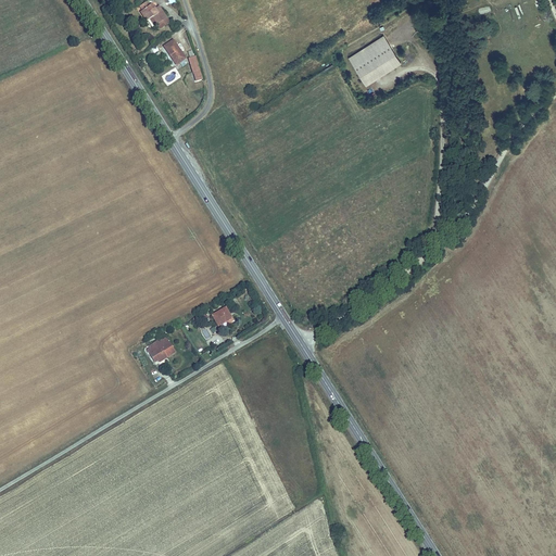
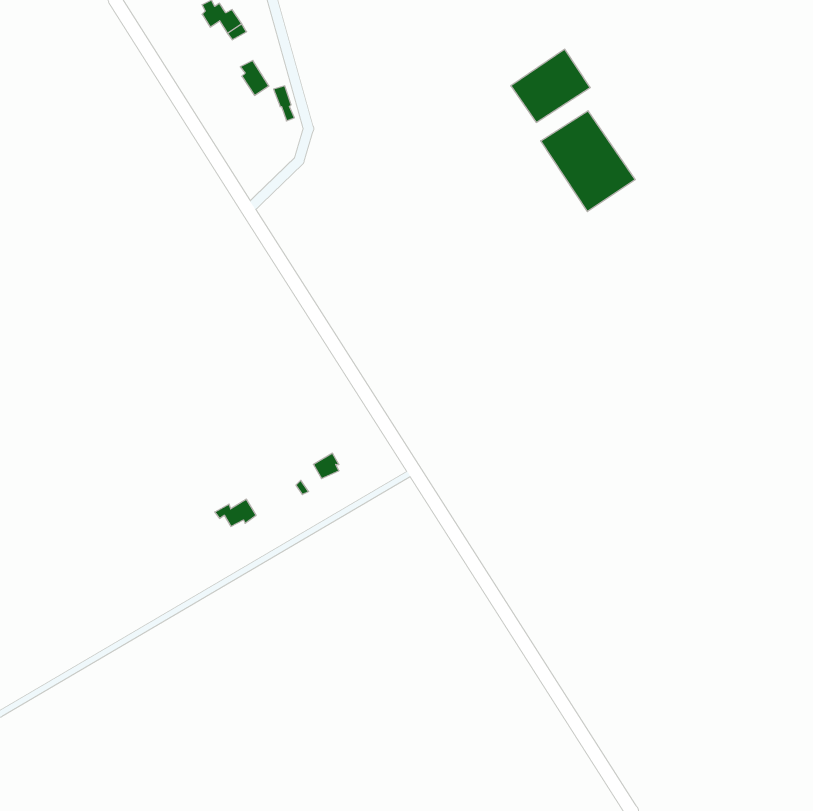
building: none -> [541,111,635,212]

